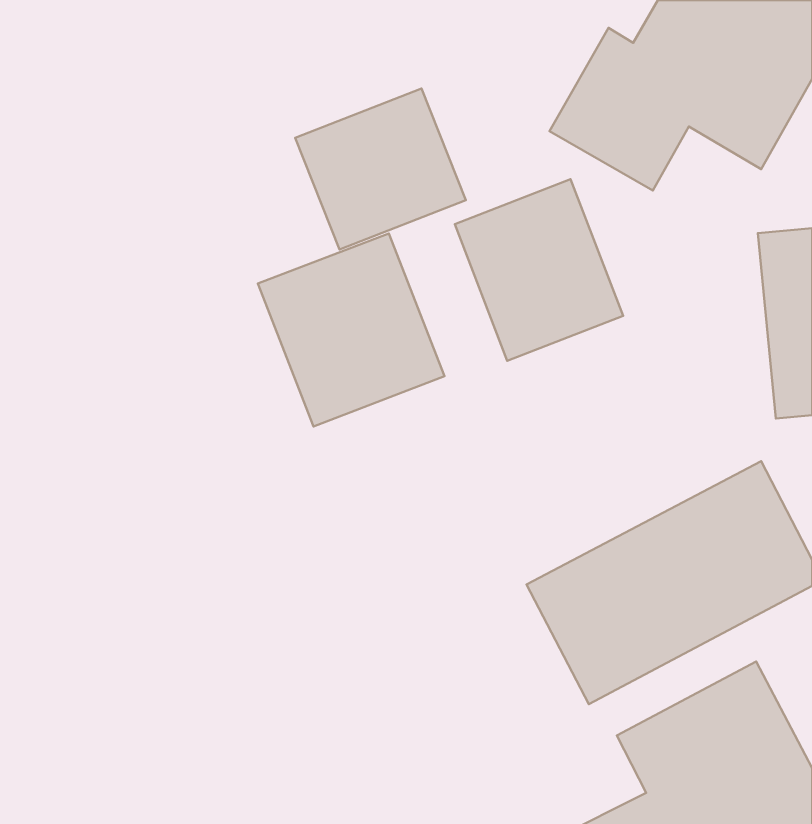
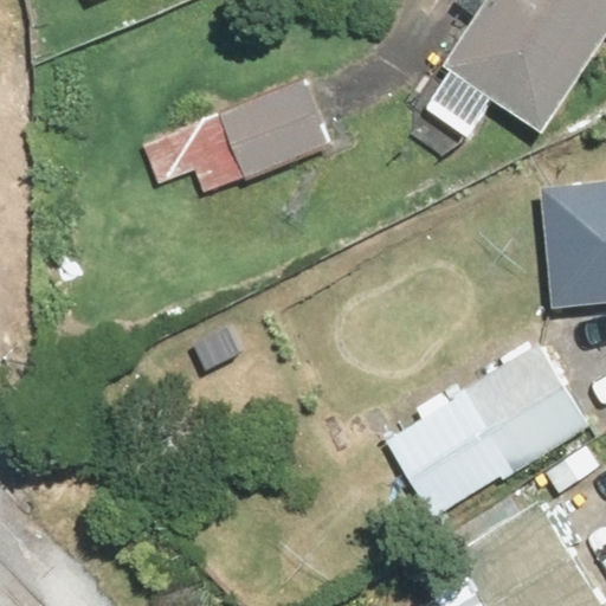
building: [455,179,623,361] -> none
building: [258,233,444,426] -> none

